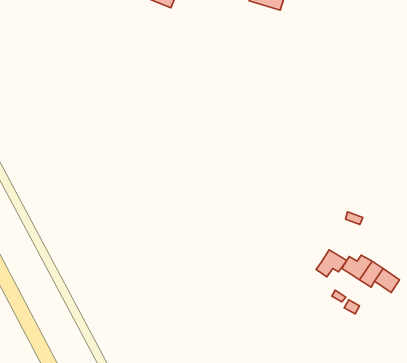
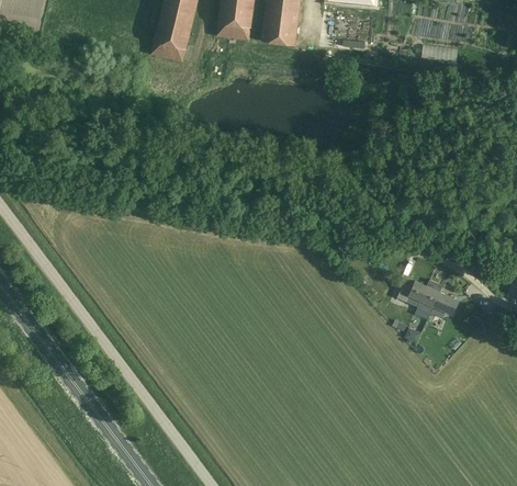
building: [316,250,347,277] -> none

